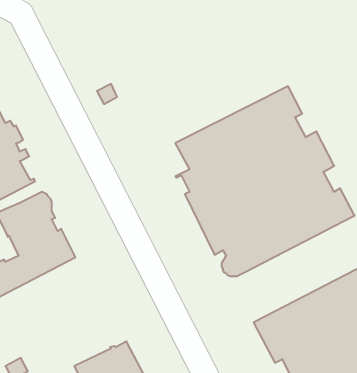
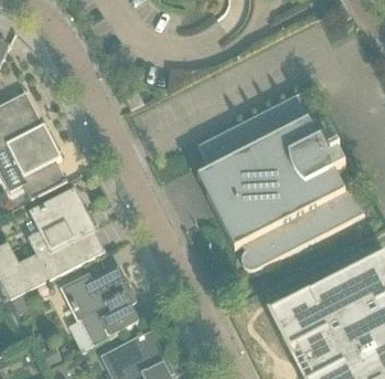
building: none -> [65,264,139,345]

